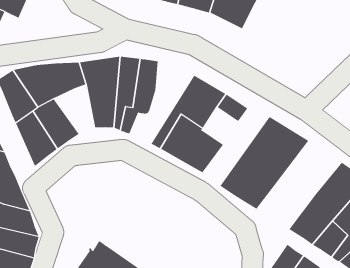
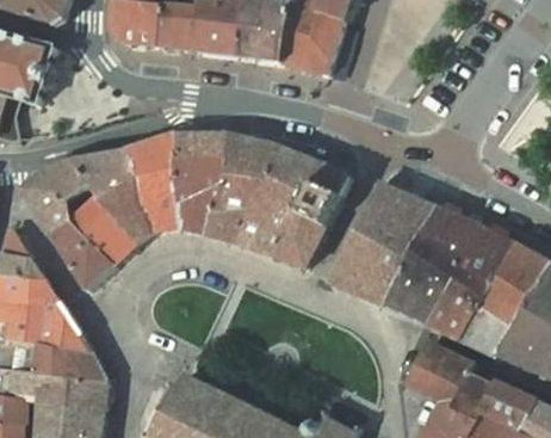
building: none -> [202,134,272,241]
building: none -> [98,178,155,242]
building: none -> [293,181,339,228]
building: none -> [379,206,478,323]

